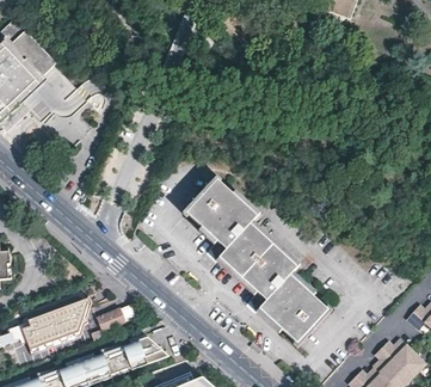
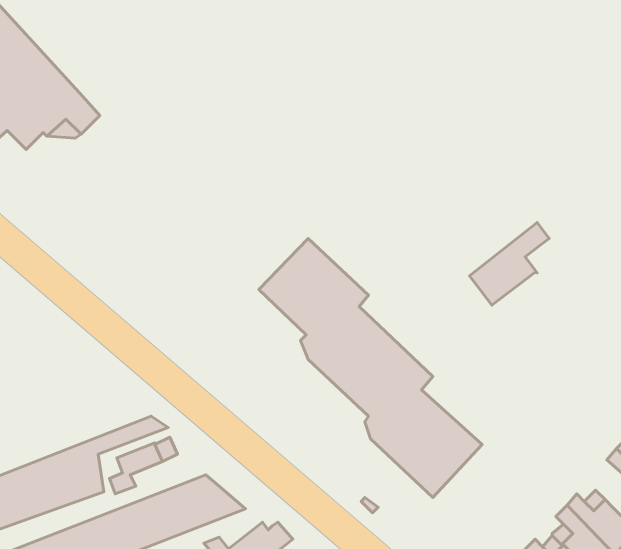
building: none -> [470,222,549,305]

